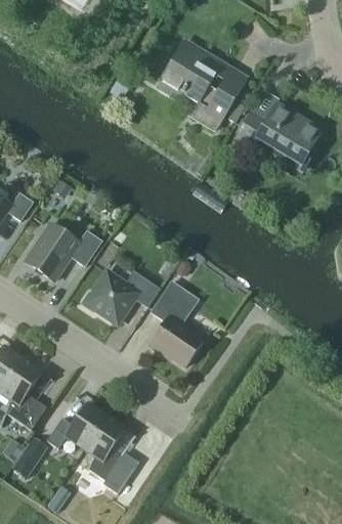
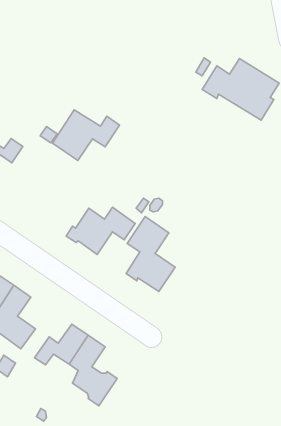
building: [159,44,246,130] -> none
building: [26,223,101,280] -> [52,110,120,160]
building: [12,437,47,477] -> none

